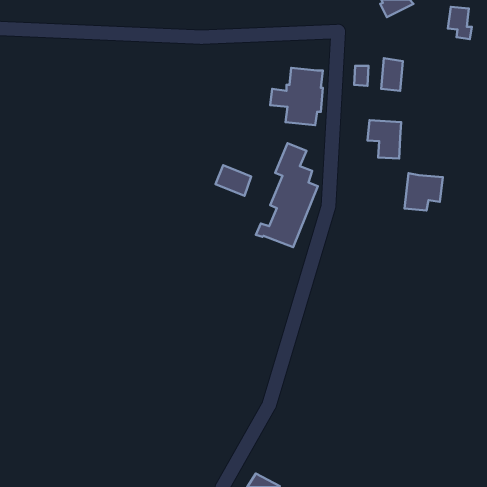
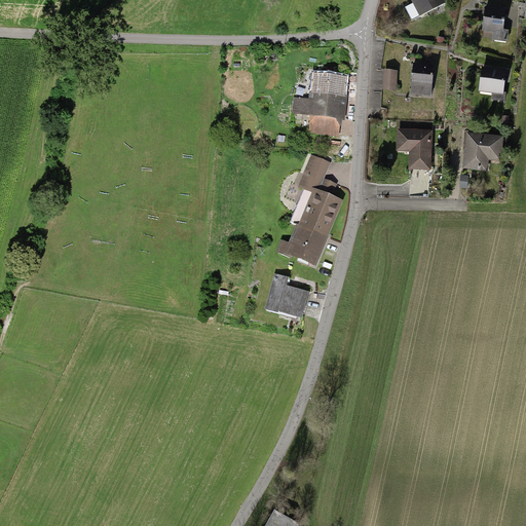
building: none -> [479,69,505,95]
building: [216,165,251,196] -> none
building: [405,173,443,211] -> [462,132,503,172]
building: none -> [265,274,308,317]

